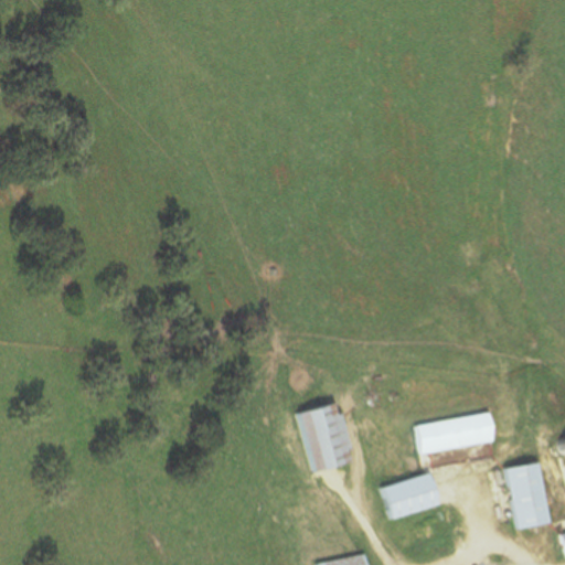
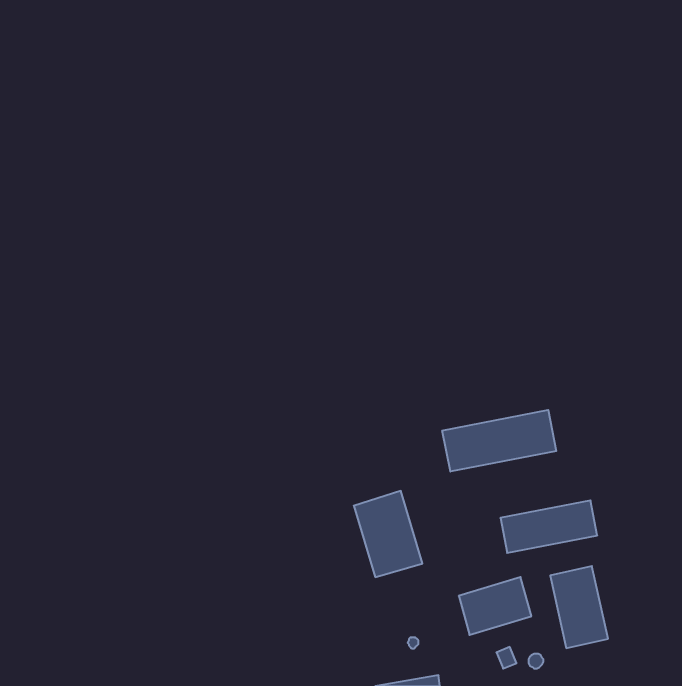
building: none -> [442,410,556,472]
building: [504,461,552,529] -> [550,566,608,648]

